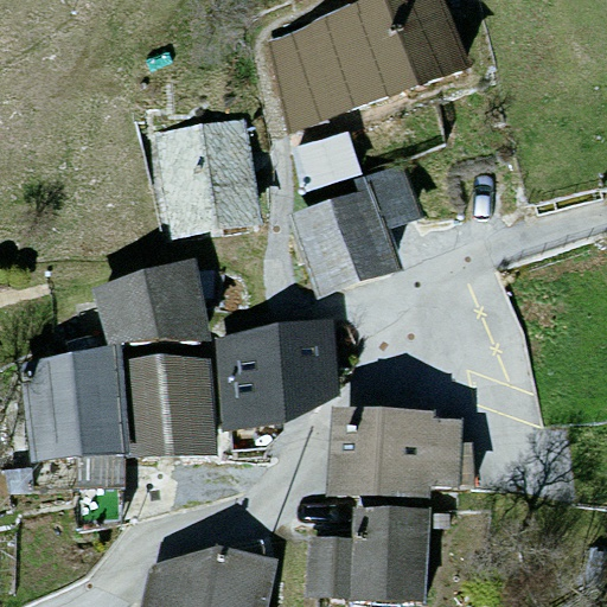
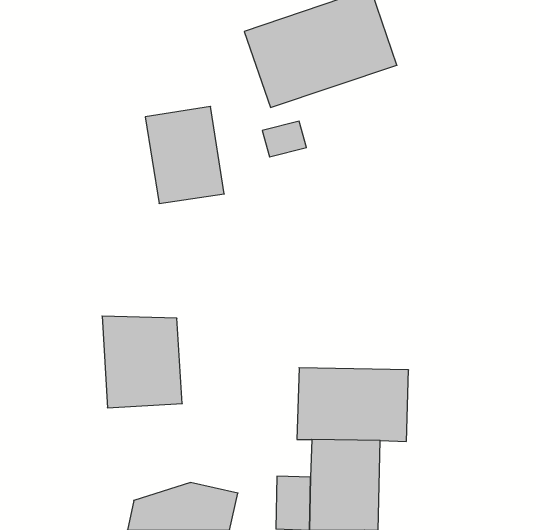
building: [295,175,418,289] -> none
building: [101,267,203,341] -> none
building: [216,326,332,423] -> none
building: [32,356,121,464] -> none

